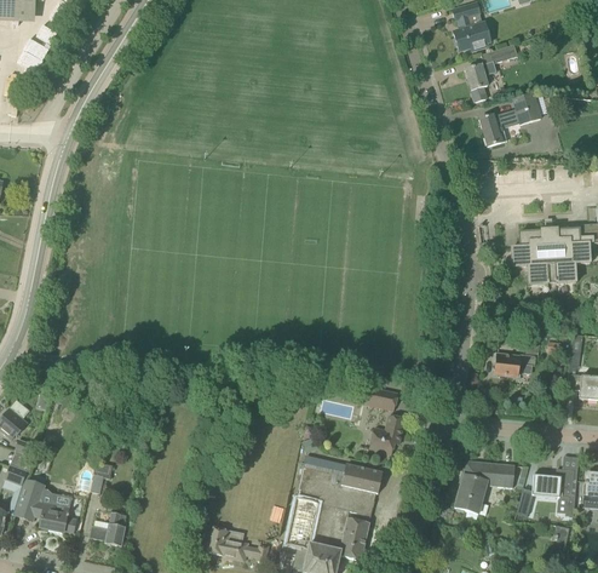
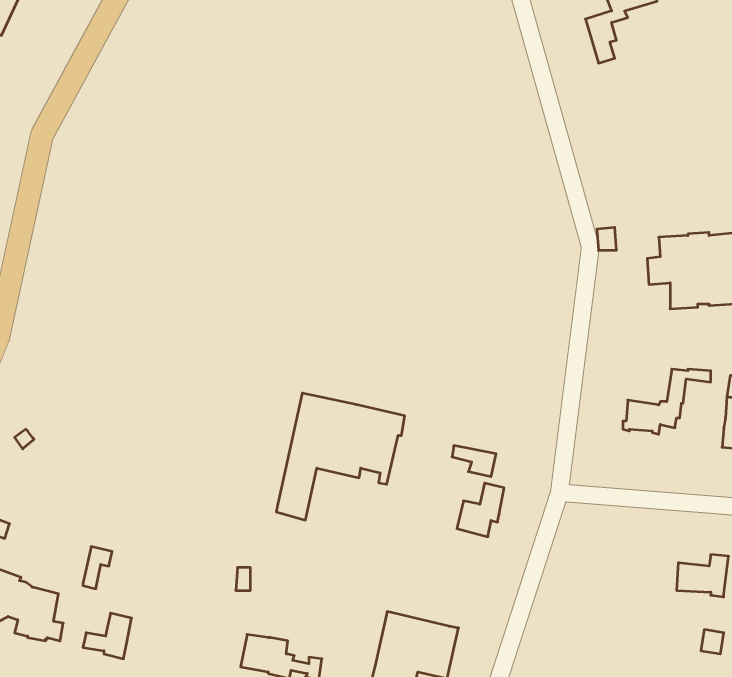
building: [478,93,540,145] -> none
building: [286,454,381,549] -> [276,393,405,520]
building: [454,459,514,514] -> none

